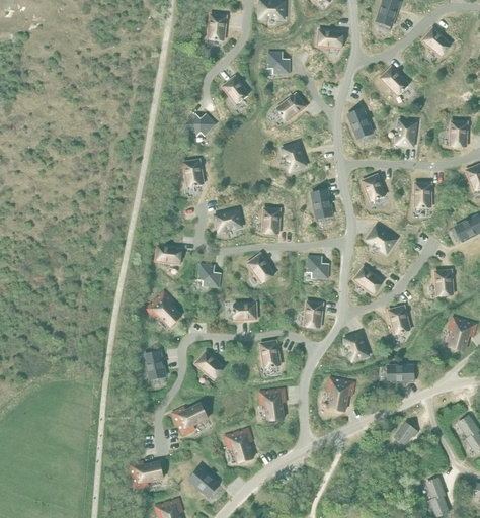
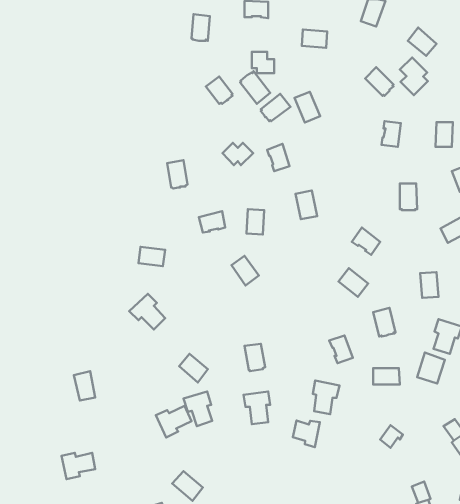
building: none -> [400,57,428,95]
building: none -> [240,71,270,104]
building: [347,108,373,139] -> [295,92,320,122]
building: [185,113,216,136] -> [223,143,253,165]
building: [362,174,385,201] -> none
building: [307,256,328,278] -> none
building: [197,263,221,287] -> none
building: [304,300,323,327] -> none
building: [233,303,256,320] -> none
building: none -> [417,352,445,384]
building: [144,350,165,379] -> [74,371,95,401]
building: none -> [293,421,320,447]
building: [225,428,253,462] -> [184,391,212,426]
building: [130,461,163,488] -> [62,453,95,479]

